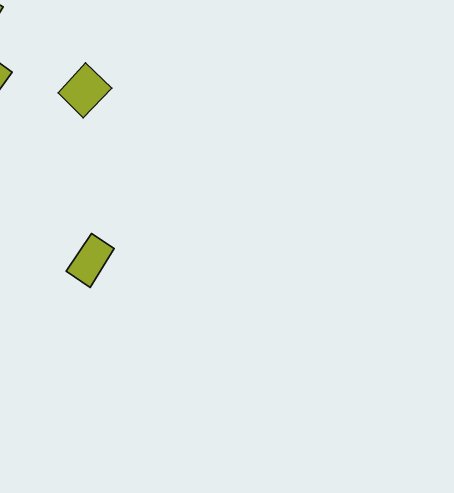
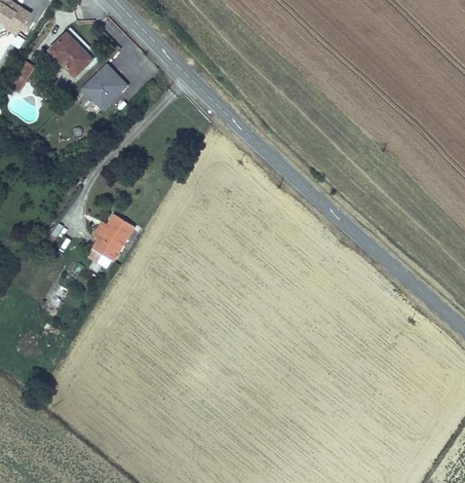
building: none -> [50,26,101,76]

